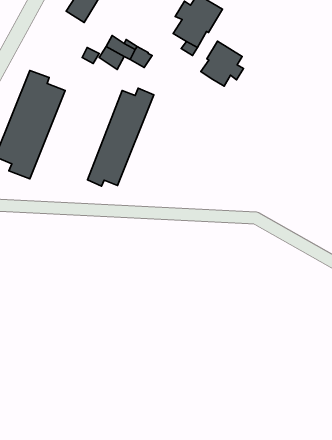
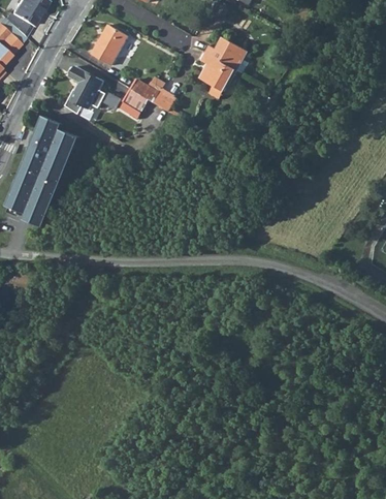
building: none -> [63,66,101,113]
building: [201,41,243,86] -> none
building: [87,88,154,186] -> none

